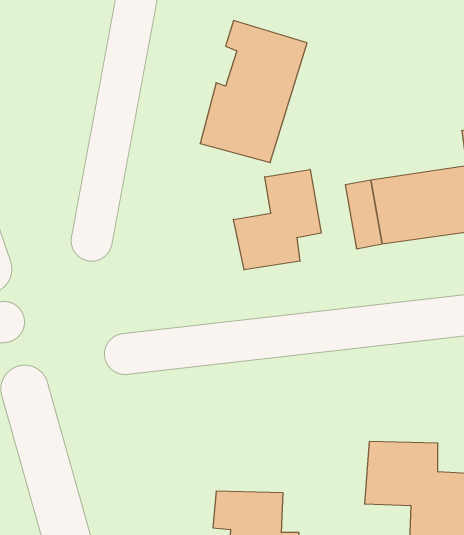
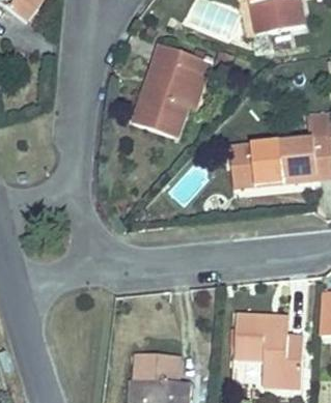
building: [233,169,321,270] -> none

